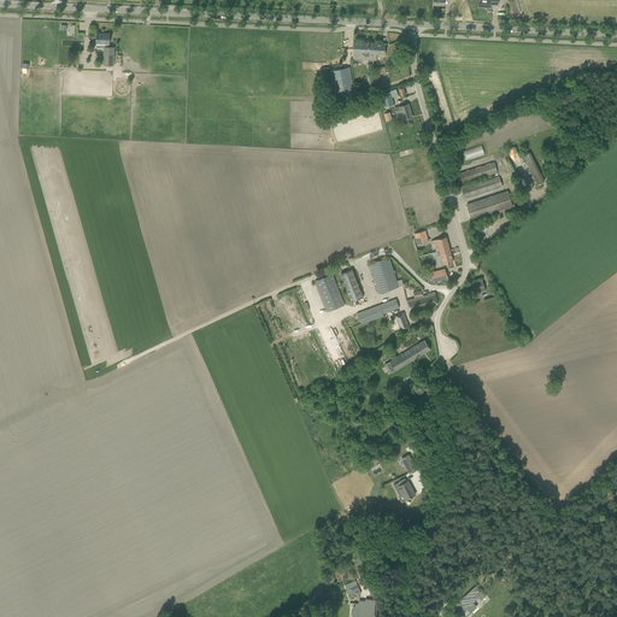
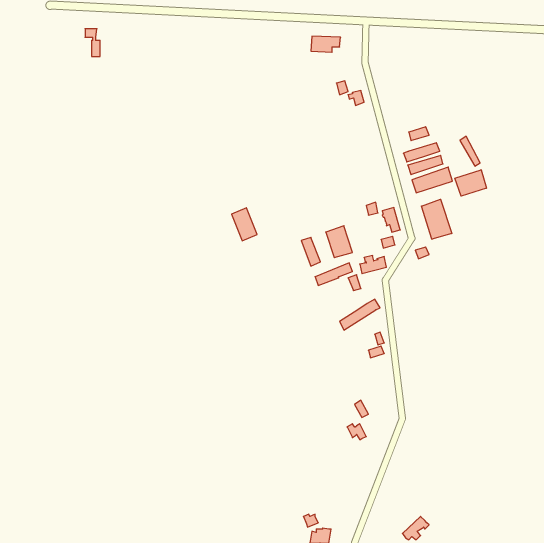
building: [330,65,355,94] -> none
building: none -> [455,170,486,196]
building: none -> [421,199,452,239]
building: [315,274,343,311] -> [232,208,257,241]

